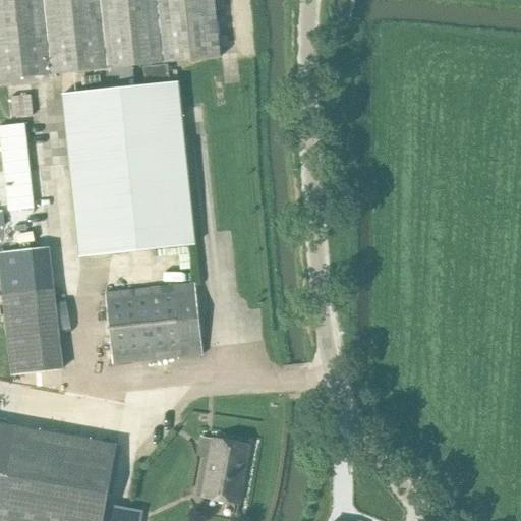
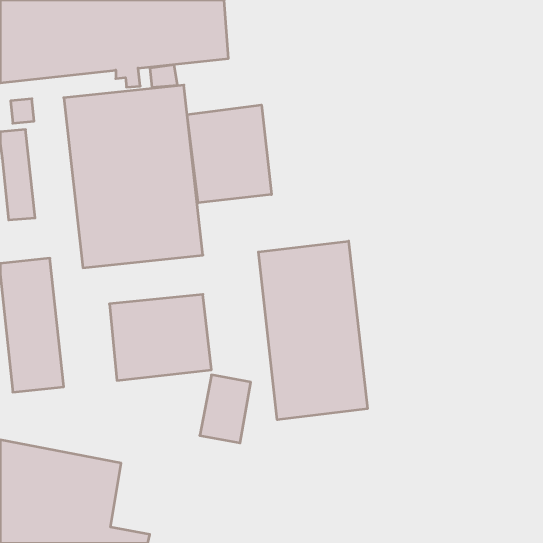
building: none -> [187,105,271,203]
building: none -> [258,241,367,420]
building: [200,438,249,503] -> [200,375,251,443]

